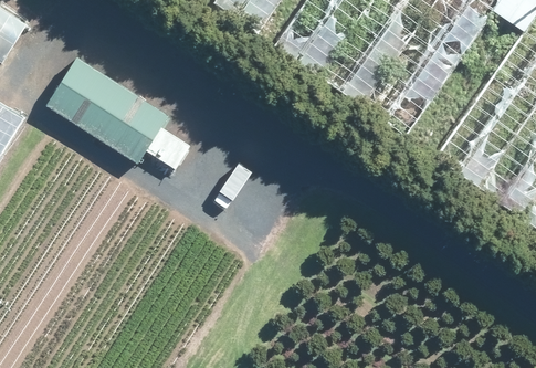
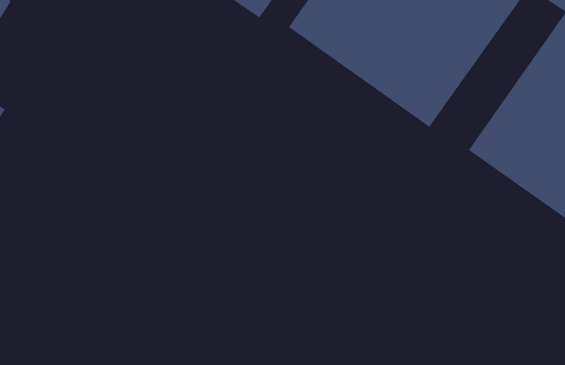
building: [49,56,190,168] -> none

